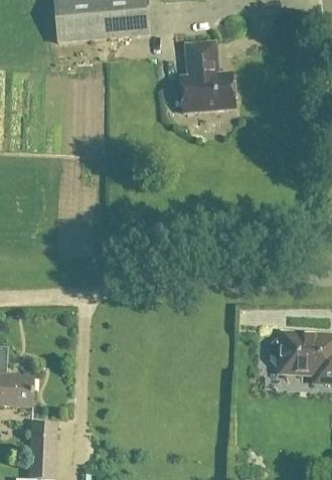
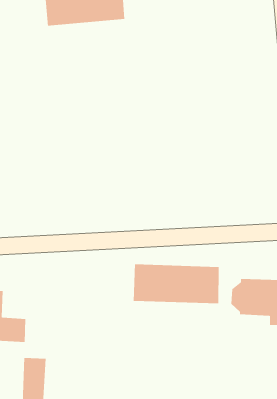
building: [179,40,234,111] -> none
building: none -> [133,263,219,304]

